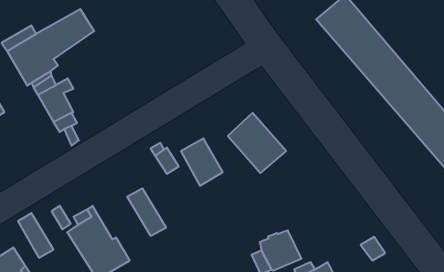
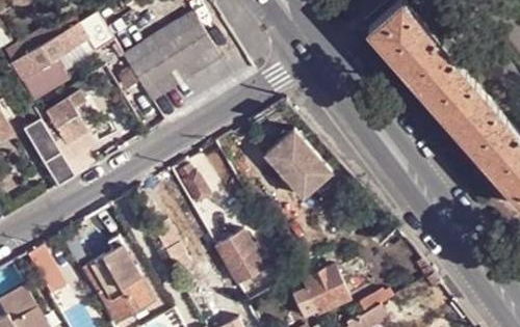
building: none -> [124,13,219,101]
building: none -> [20,113,78,186]
building: [181,138,223,186] -> [216,229,264,283]

